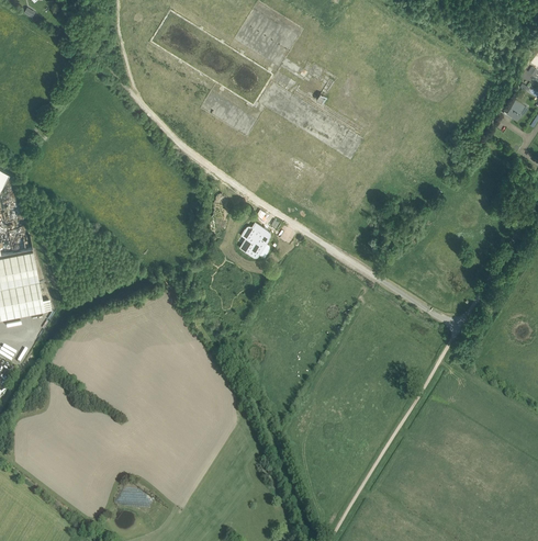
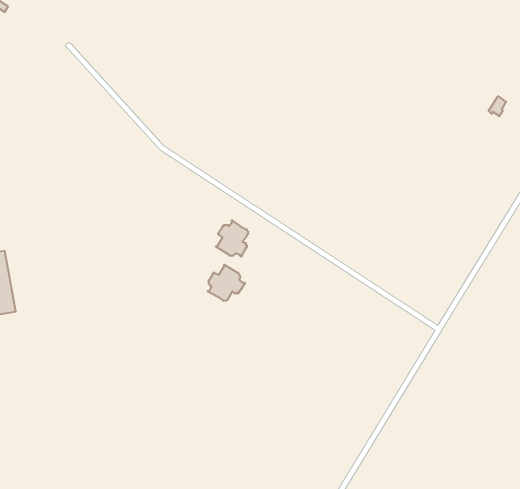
building: none -> [208,265,245,301]

